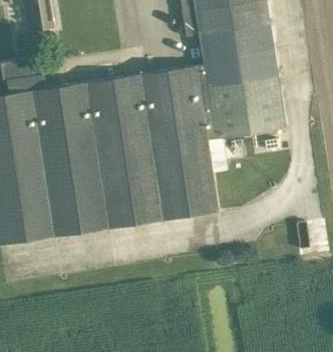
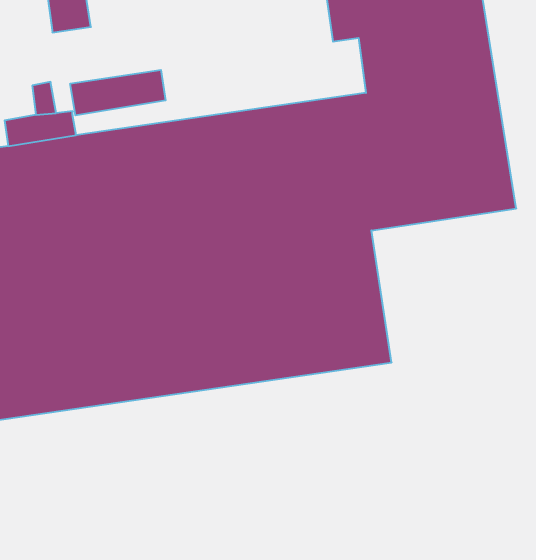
building: none -> [70,70,166,115]

